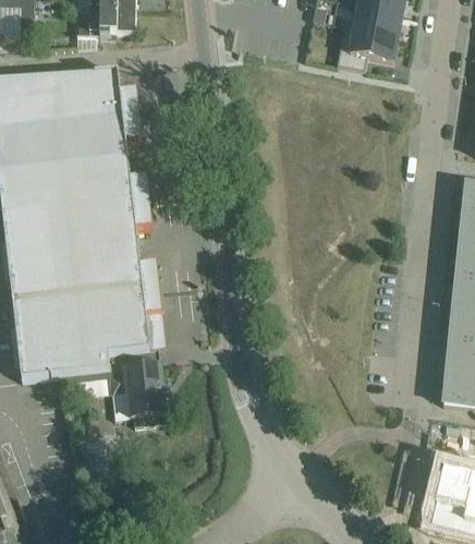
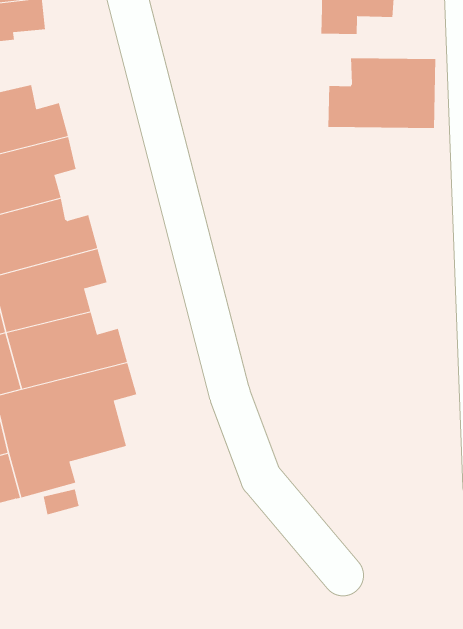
building: none -> [328,58,436,129]
building: [106,348,166,415] -> none

